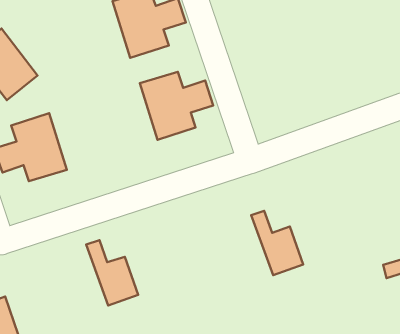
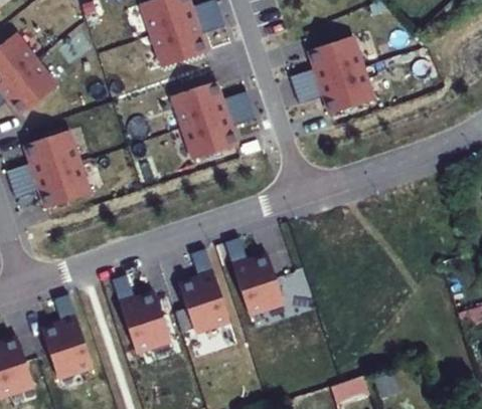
building: none -> [289,37,372,115]
building: [251,211,303,275] -> [223,237,283,311]
building: none -> [179,248,229,330]
building: none -> [42,293,93,375]

